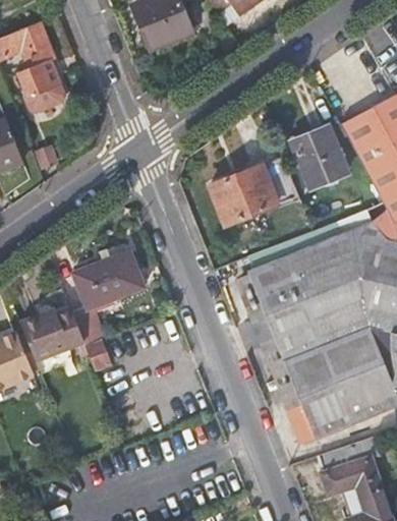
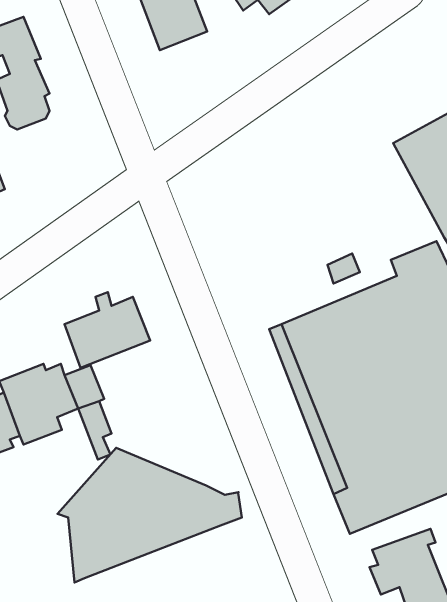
building: [293,127,350,188] -> none
building: [211,165,280,226] -> none
building: none -> [57,448,242,583]

